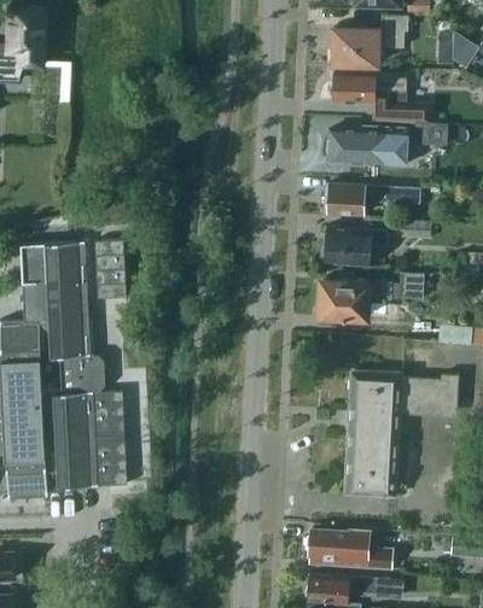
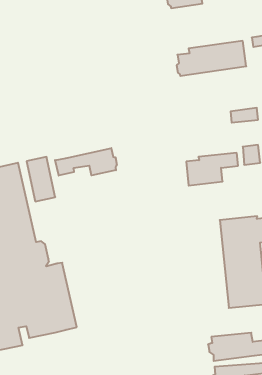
building: [330,74,430,124] -> none
building: [325,183,419,215] -> none
building: [321,228,388,265] -> none
building: none -> [55,148,117,176]

